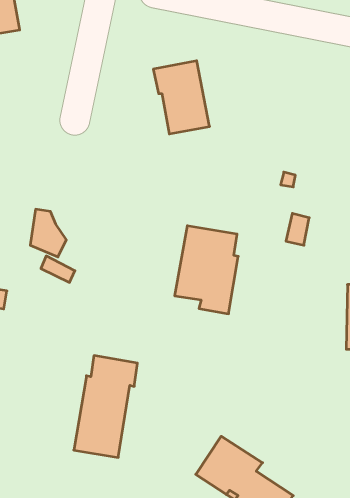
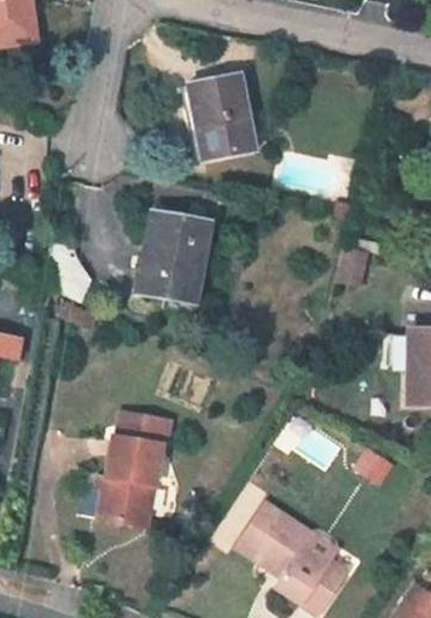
building: [175,226,238,314] -> [136,212,209,313]

